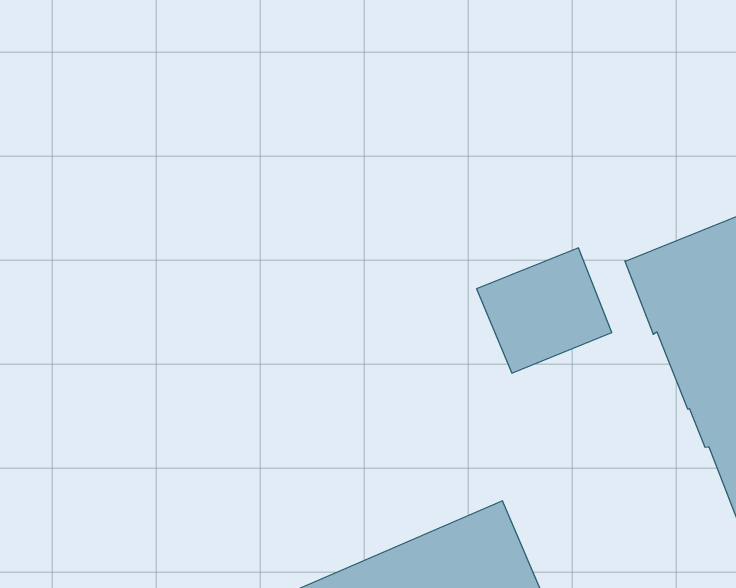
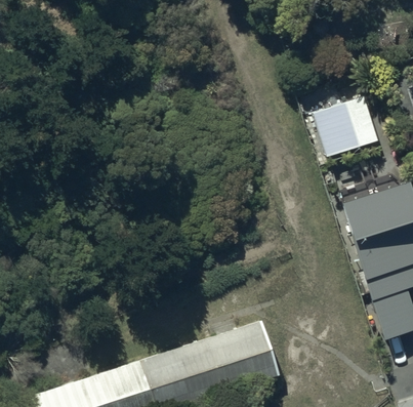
building: [477,248,612,373] -> [316,95,383,157]

